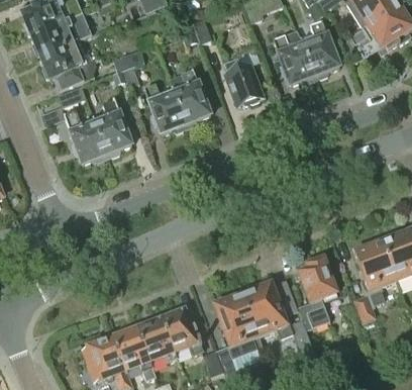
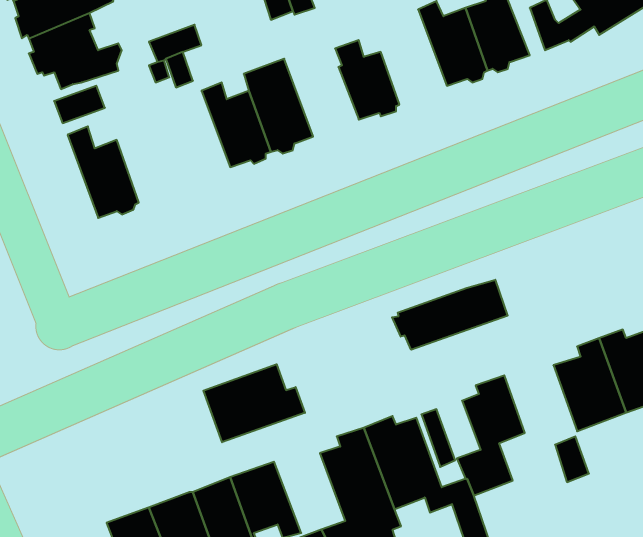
building: [94,99,132,156] -> none
building: none -> [392,280,508,350]
building: none -> [203,364,305,442]

